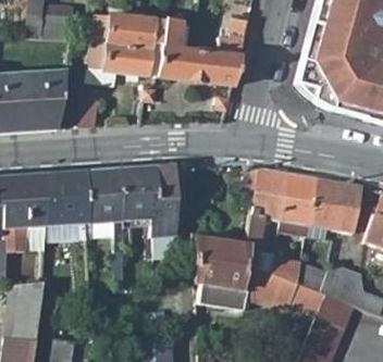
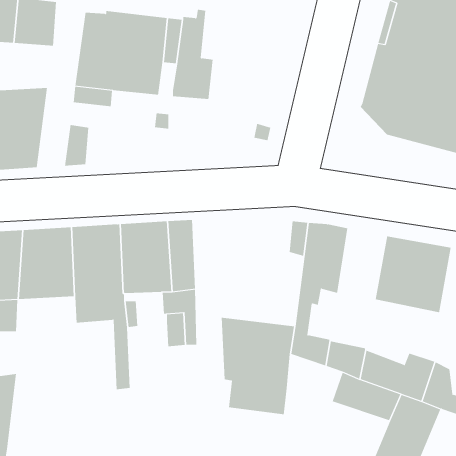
building: [186,15,251,83] -> none
building: [281,172,317,224] -> none
building: [244,264,284,299] -> none

